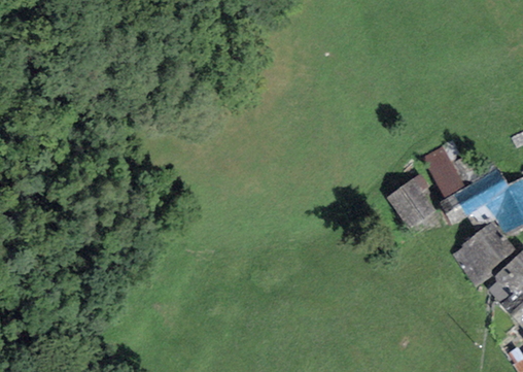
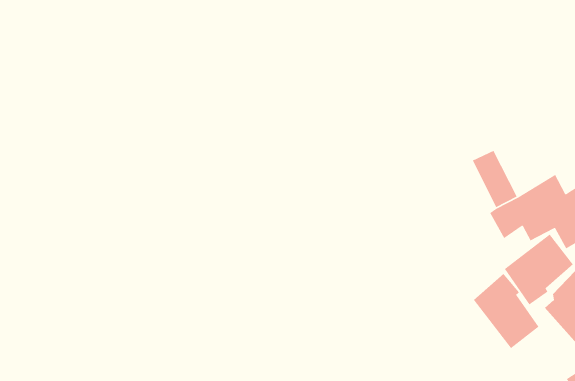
building: [387,178,433,227] -> none
building: none -> [473,273,540,349]

